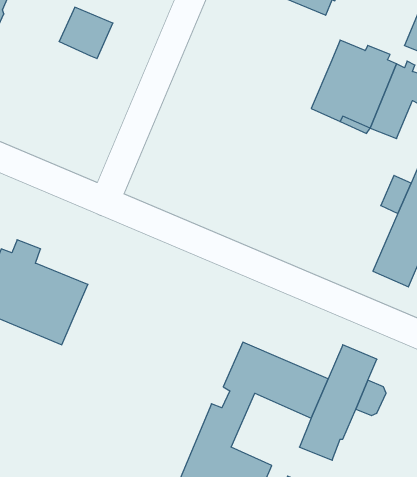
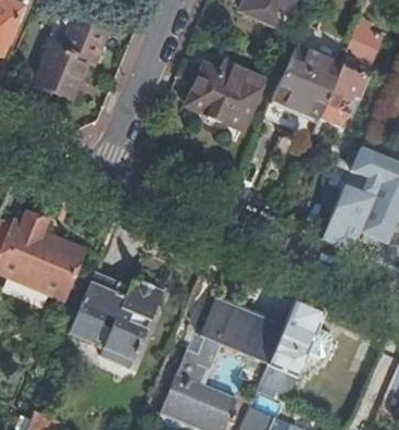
building: none -> [35,45,88,97]
building: none -> [188,65,264,128]
building: none -> [68,271,160,368]

